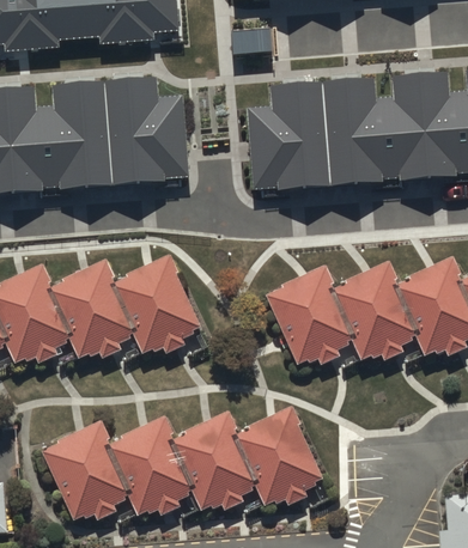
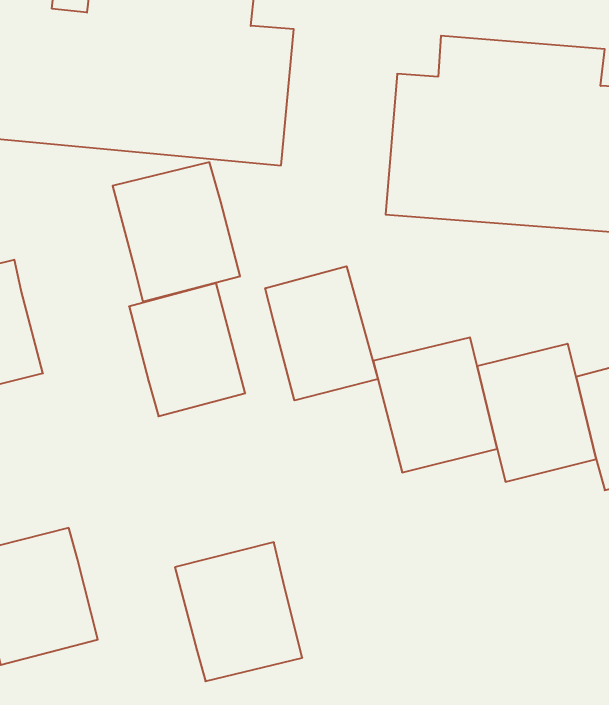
building: none -> [265,266,378,400]
building: [47,261,133,352] -> [113,162,240,302]
building: [235,412,314,498] -> none
building: [108,418,189,507] -> none

